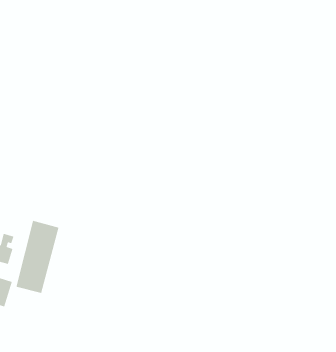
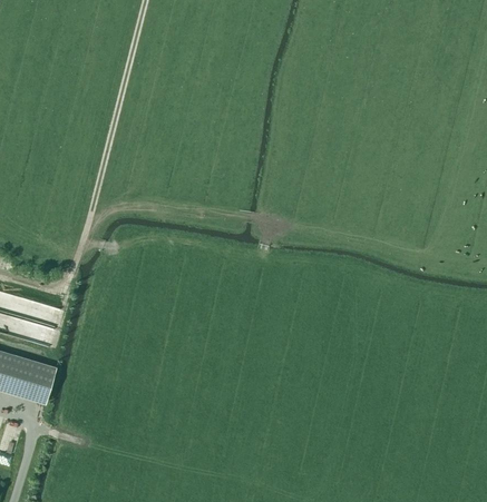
building: [15,220,60,294] -> none

